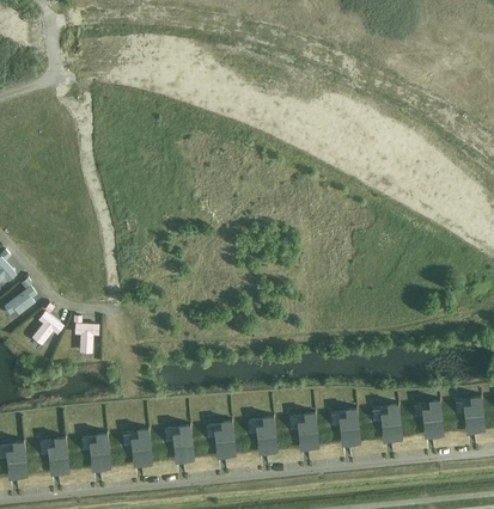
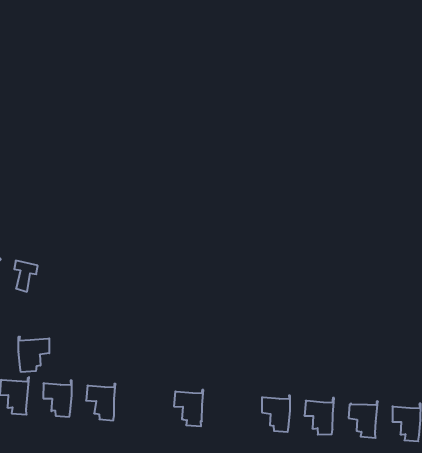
building: none -> [19,337,49,372]
building: [289,410,319,446] -> none
building: [206,418,236,454] -> none

